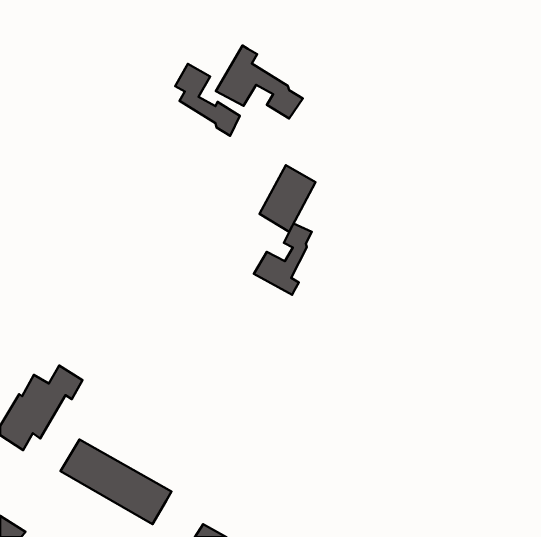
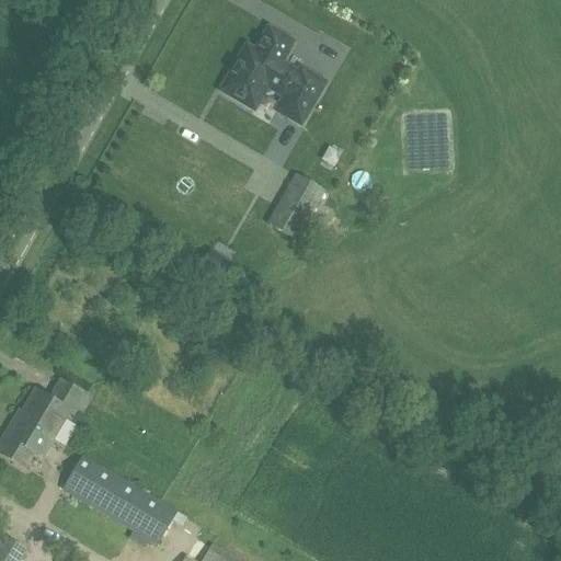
building: [175,64,240,136] -> [256,27,323,102]
building: [254,224,312,295] -> none

